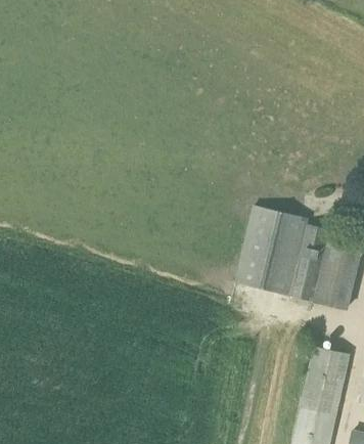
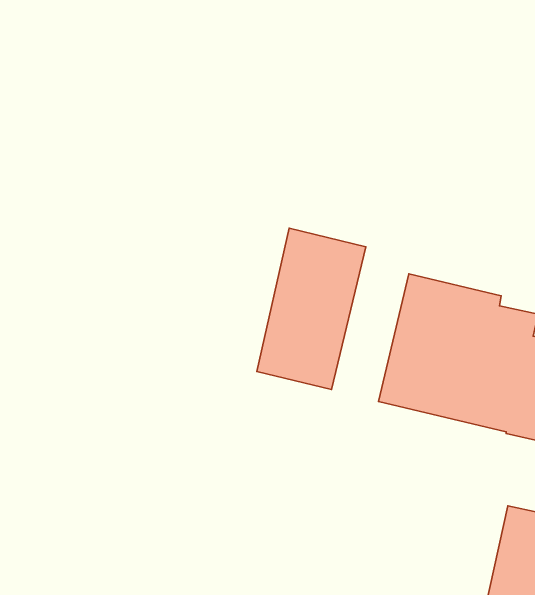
building: none -> [257,228,366,389]

